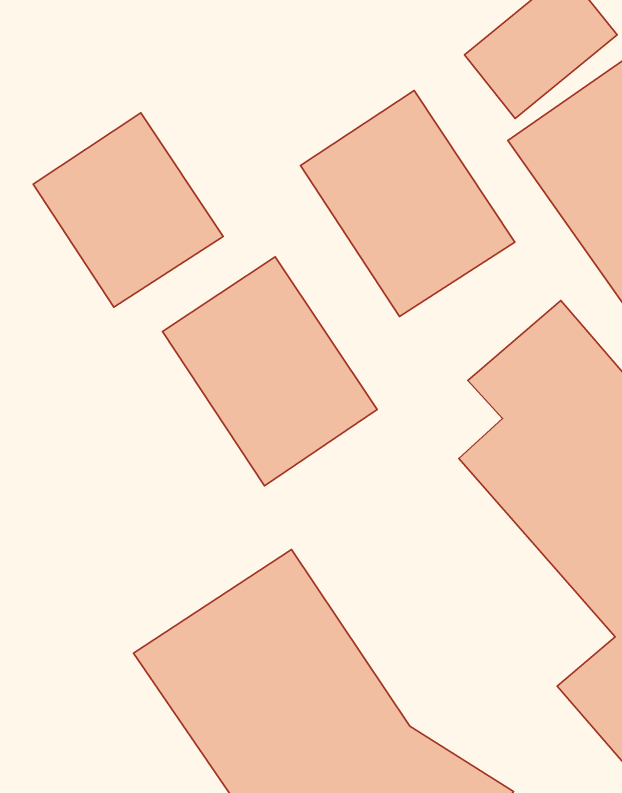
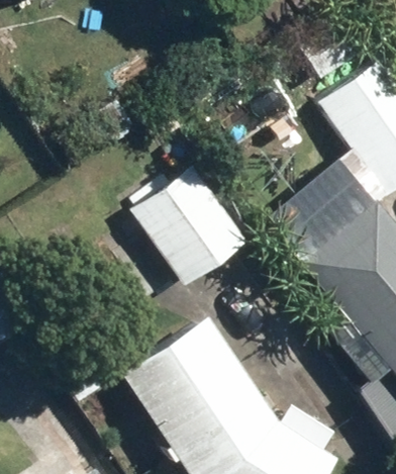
building: [301,90,515,316] -> none
building: [33,113,223,307] -> none

